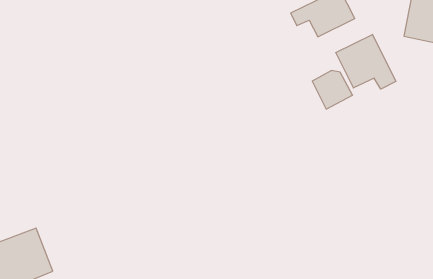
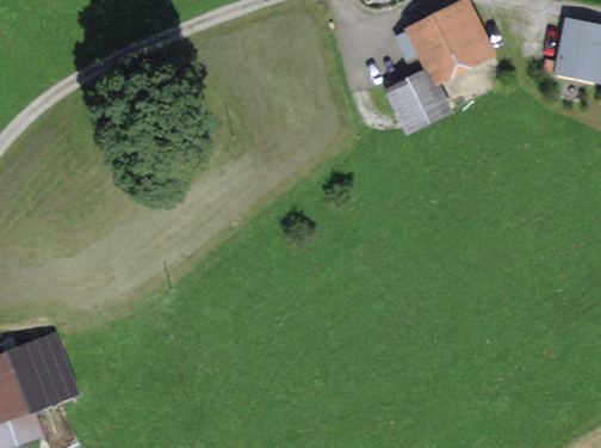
building: [336,34,396,89] -> none
building: [312,71,353,109] -> [390,76,445,129]

